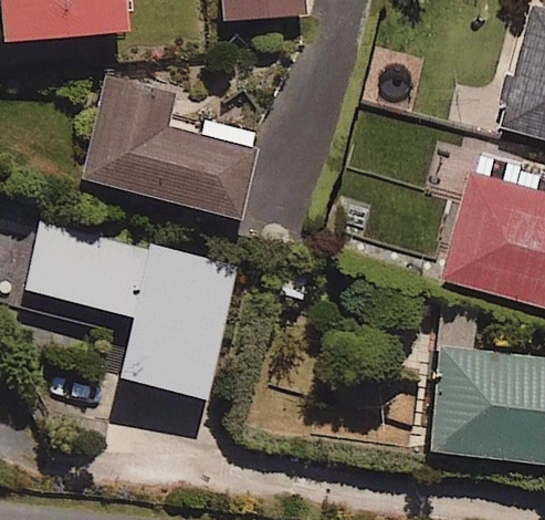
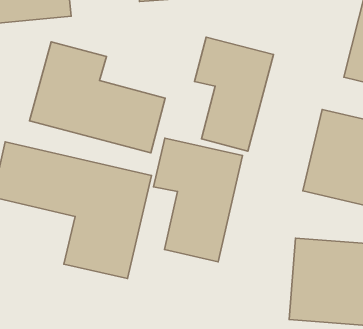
building: none -> [194,37,274,151]
building: none -> [153,138,243,262]

